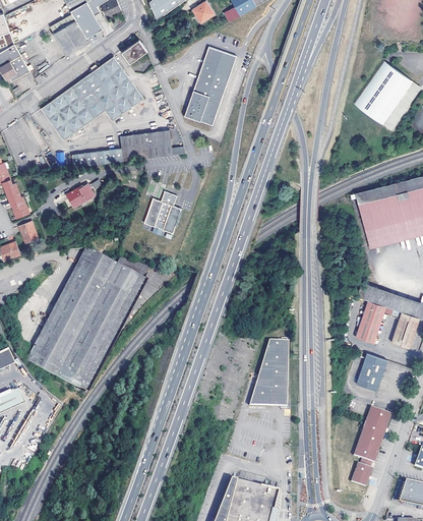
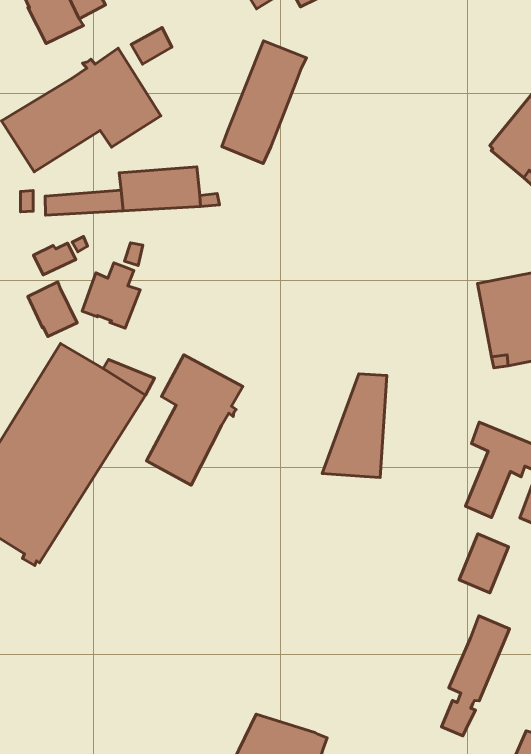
building: [146,189,183,231] -> [82,263,140,328]
building: none -> [28,282,77,337]
building: none -> [147,355,243,485]
building: [248,340,286,406] -> [322,374,387,478]

